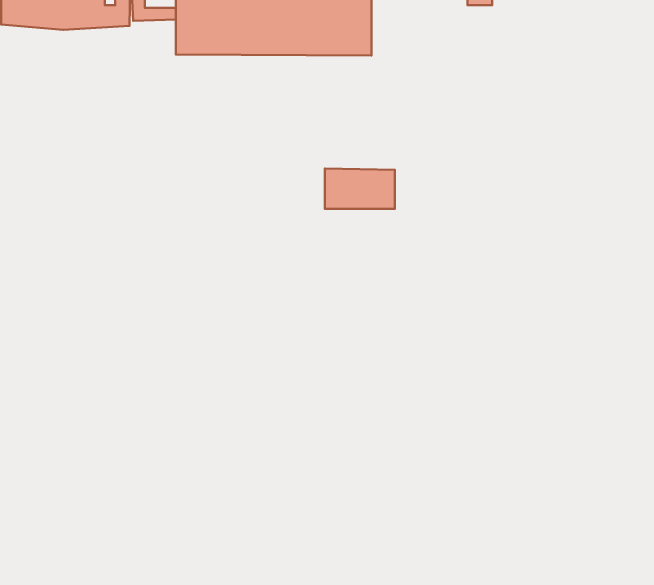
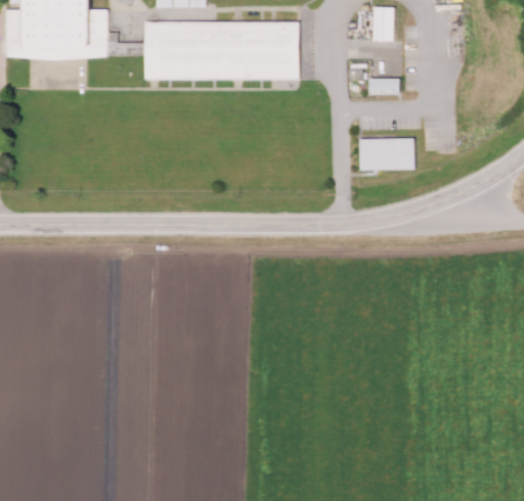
building: none -> [368,78,398,94]
building: [325,169,395,209] -> [359,138,414,170]

